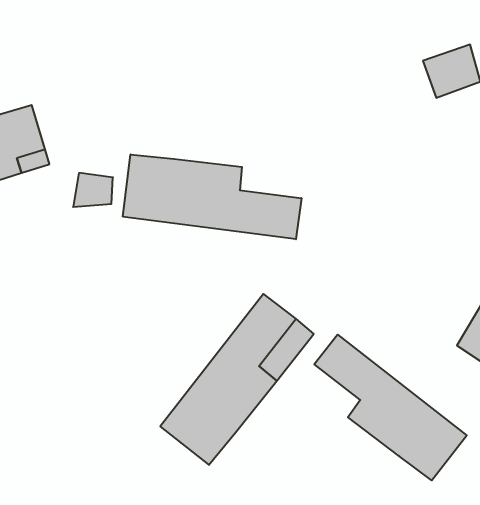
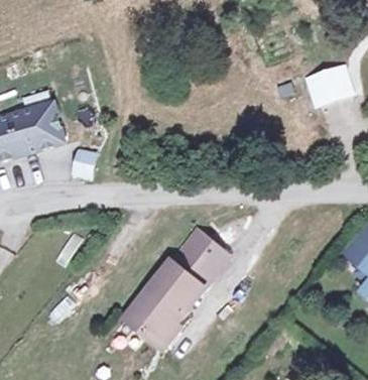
building: [123,154,301,239] -> none
building: [314,335,467,480] -> none

